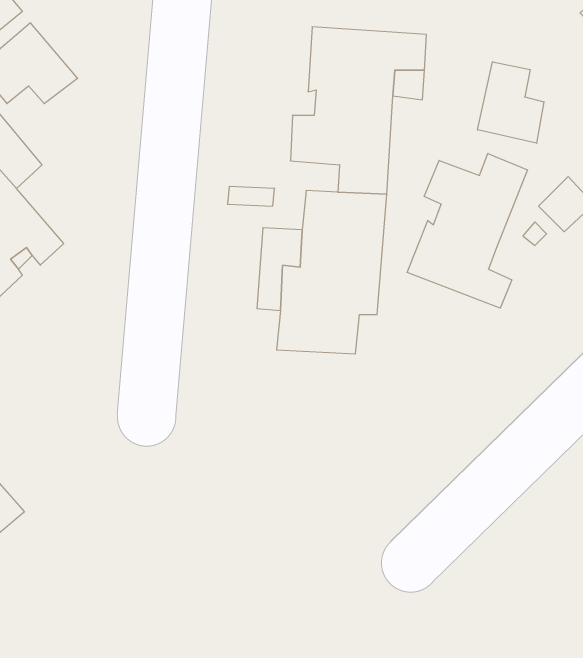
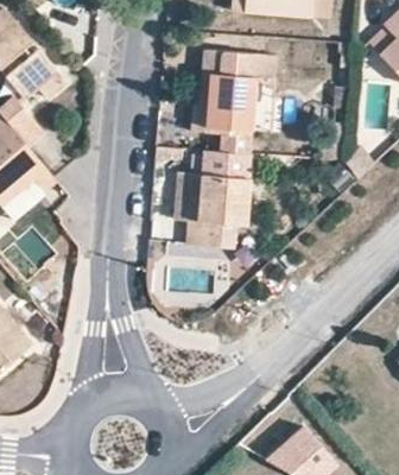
building: [478,62,544,143] -> none
building: [407,153,528,308] -> none

